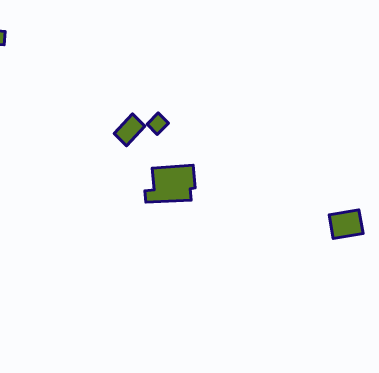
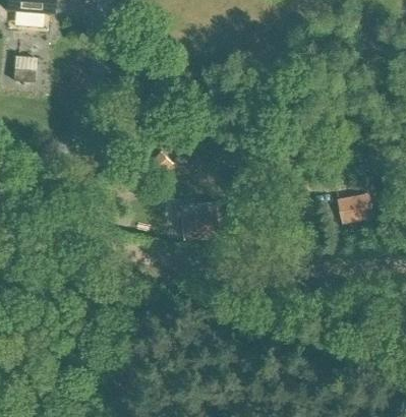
building: [329,210,363,239] -> [345,192,379,221]

